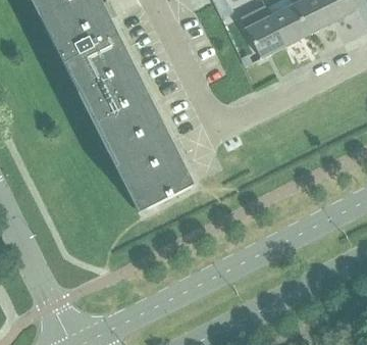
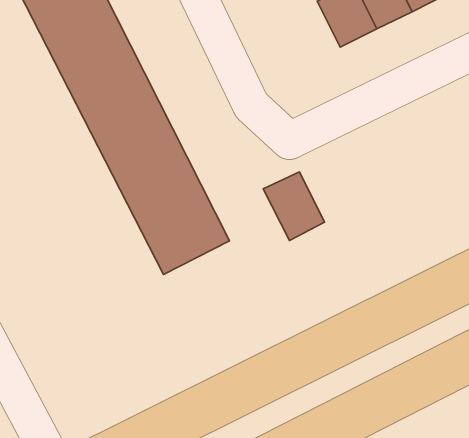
building: none -> [263,172,325,240]

